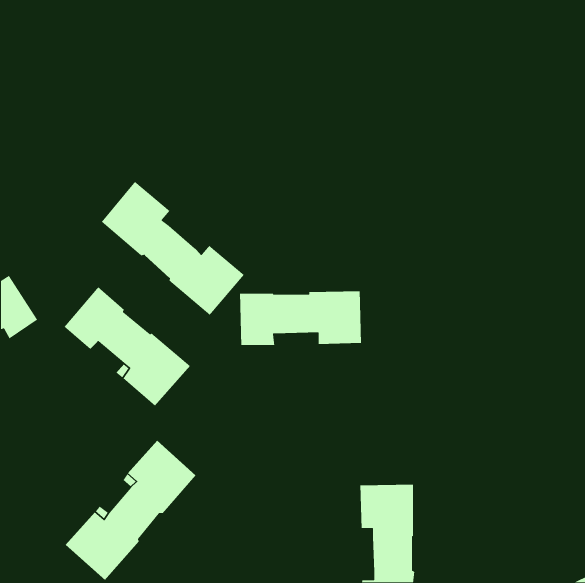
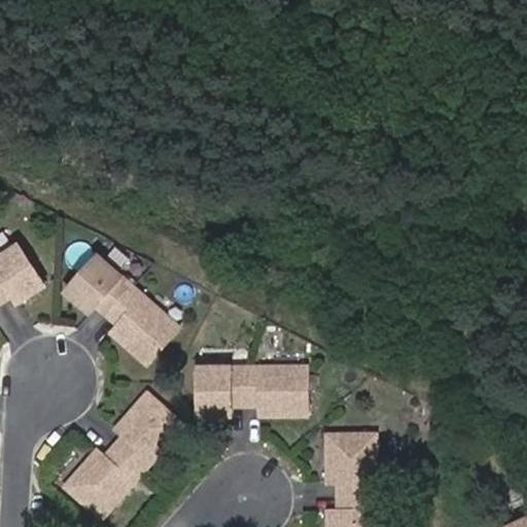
building: [101,181,245,316] -> none
building: [239,290,362,346] -> [196,364,305,414]

